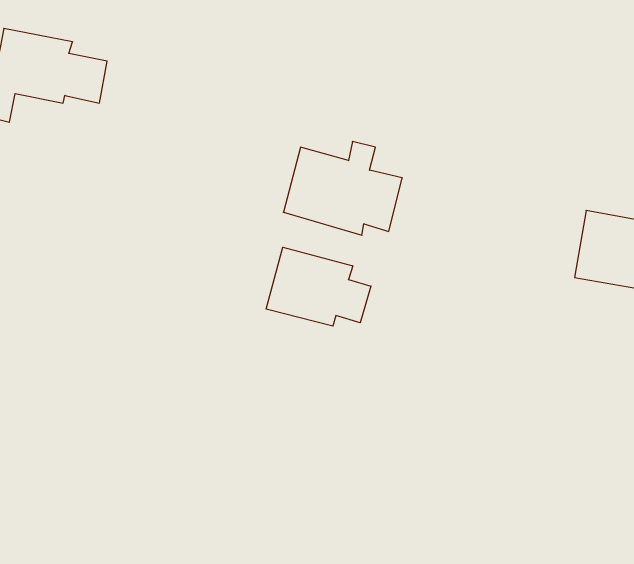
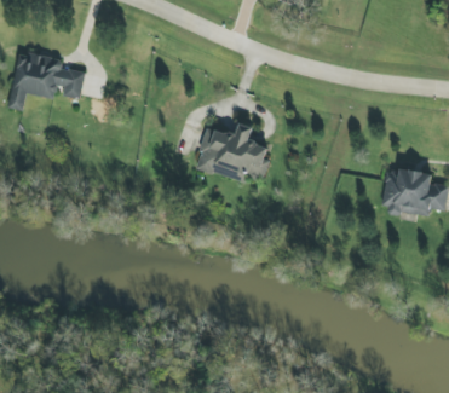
building: [266,247,371,326] -> none

